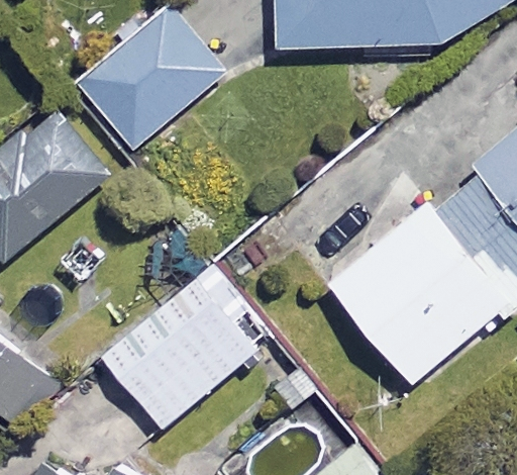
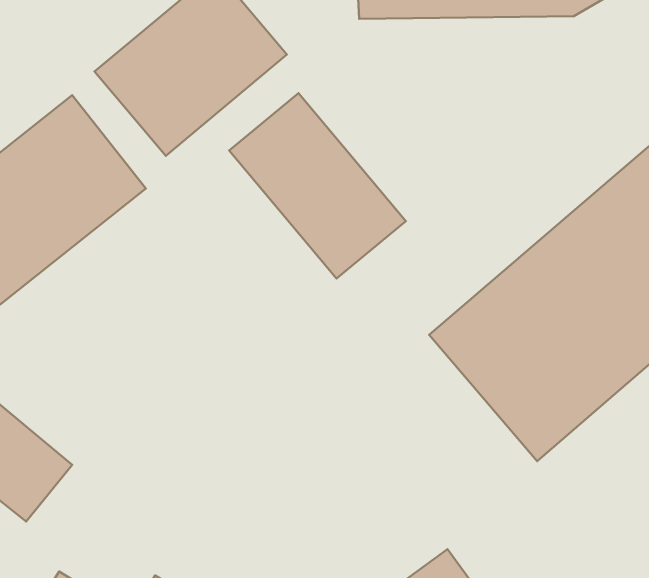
building: none -> [229,93,406,279]
building: [100,271,264,428] -> none

